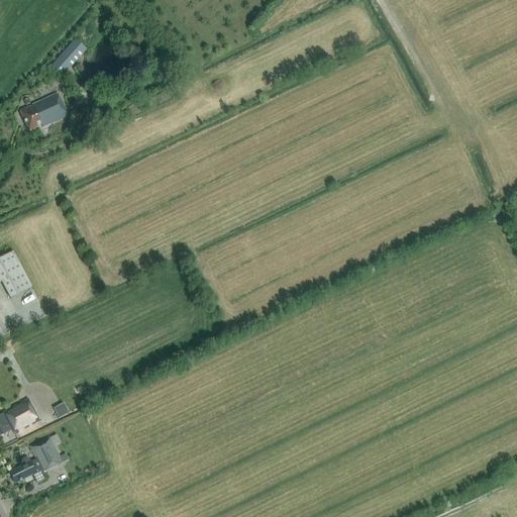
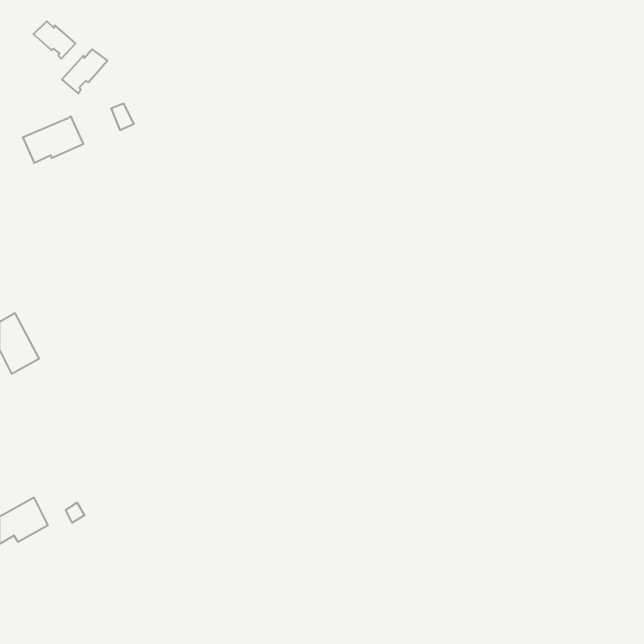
building: none -> [33,21,75,59]
building: [8,437,62,483] -> none

